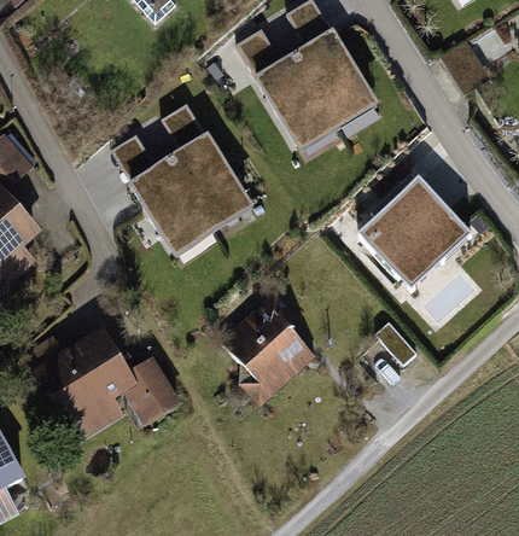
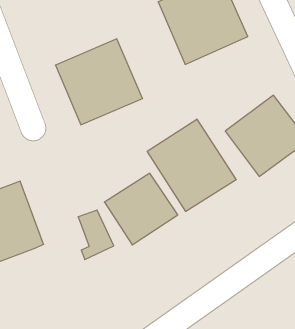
building: none -> [147,119,236,211]
building: [124,361,176,429] -> [78,210,114,260]

